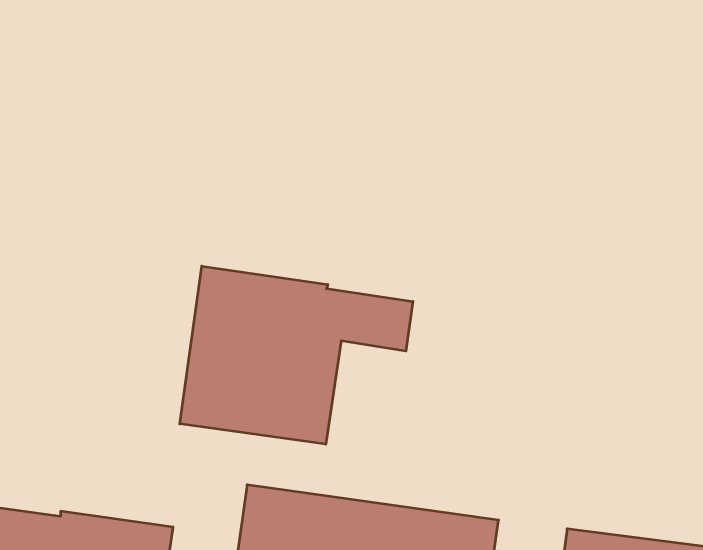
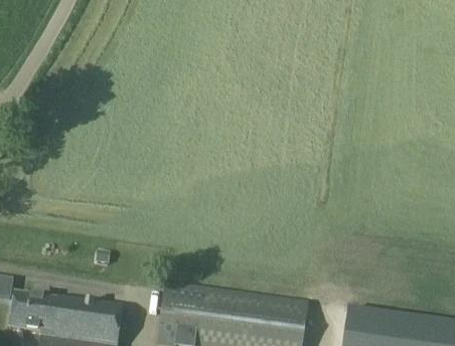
building: [180,266,413,444] -> none

